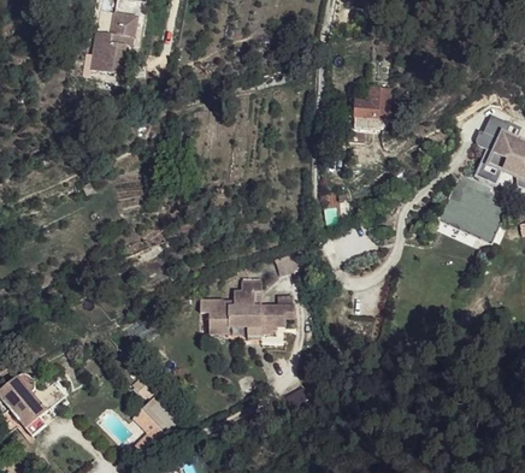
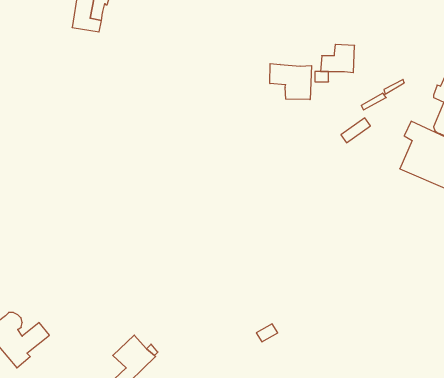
building: none -> [270,64,312,100]
building: [210,280,294,332] -> none

